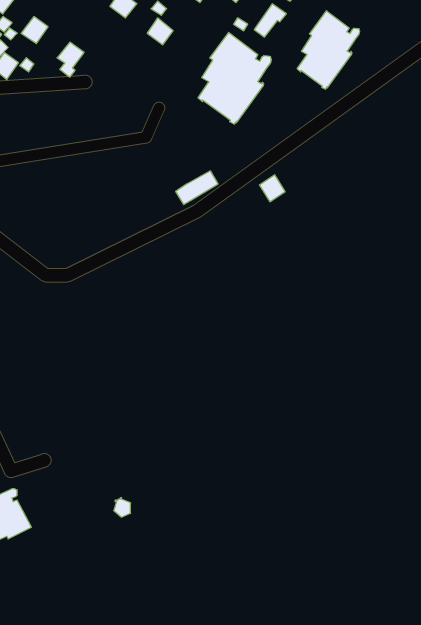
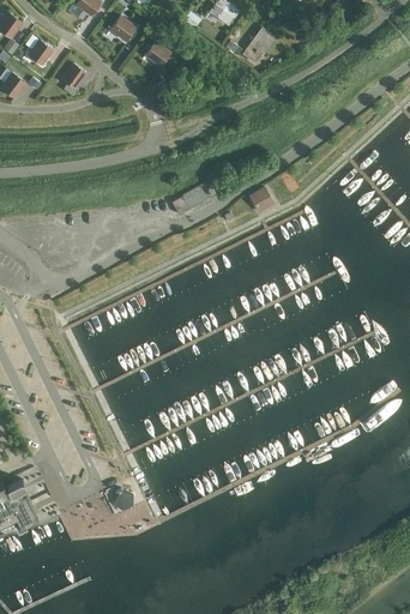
building: [297,11,360,89] -> none
building: [198,32,271,124] -> none

